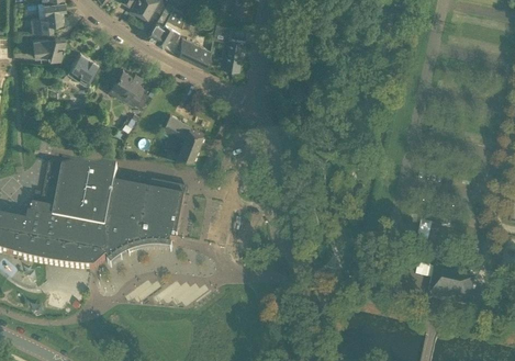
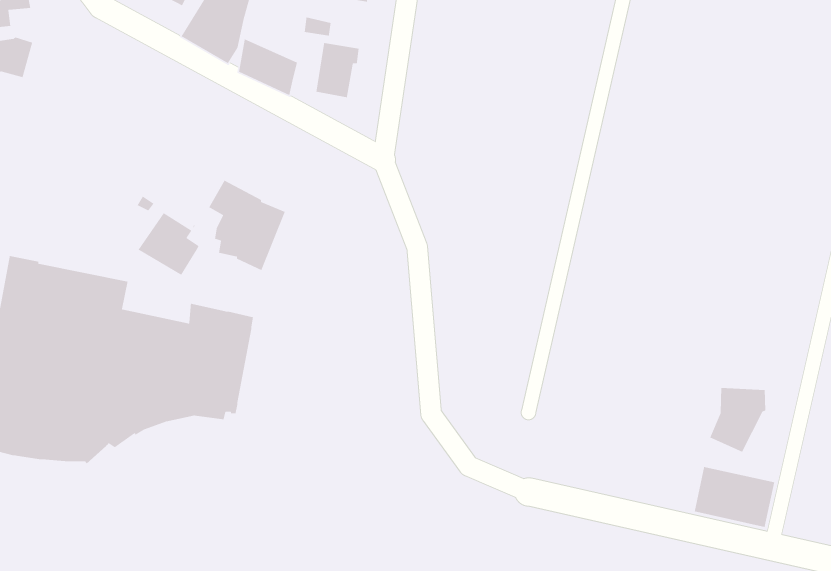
building: [67,52,98,83] -> none
building: [109,69,143,104] -> [138,212,199,276]
building: none -> [709,387,766,453]

